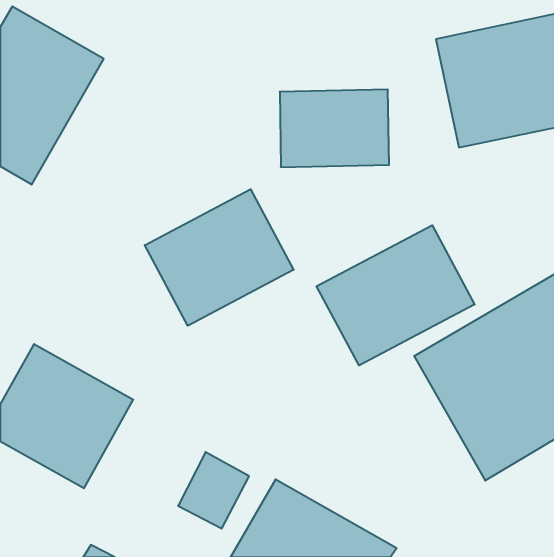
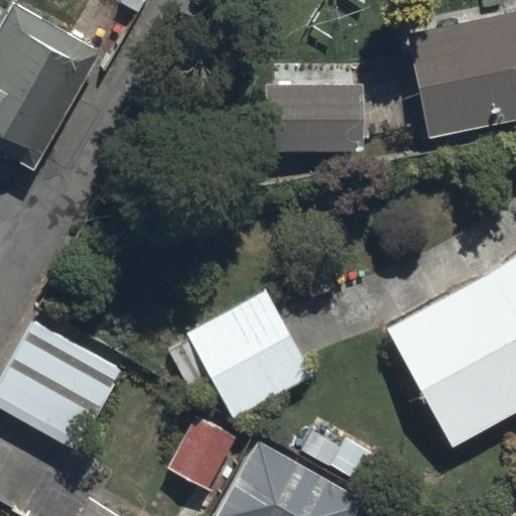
building: [145,189,294,326] -> none
building: [317,225,475,365] -> none
building: none -> [165,289,311,421]

